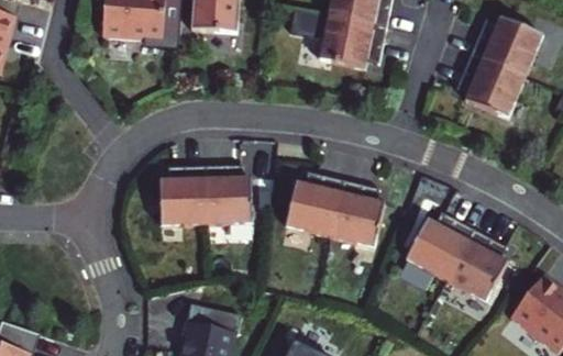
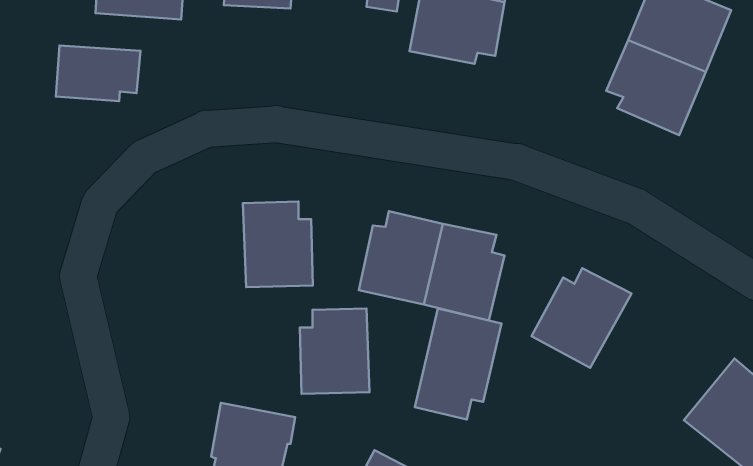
building: none -> [56,46,141,101]
building: [157,168,206,227] -> [300,308,370,394]
building: [444,231,508,304] -> none
building: none -> [415,309,501,419]

